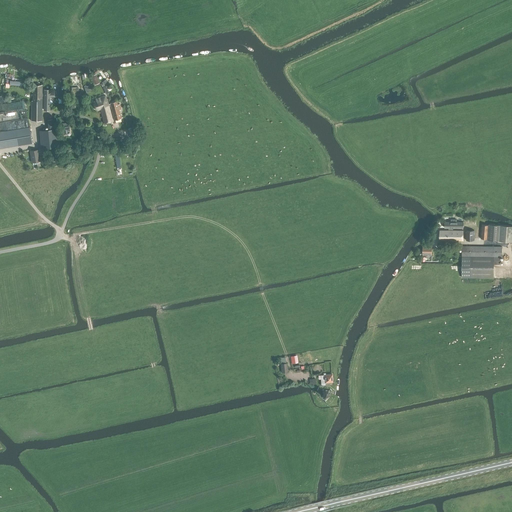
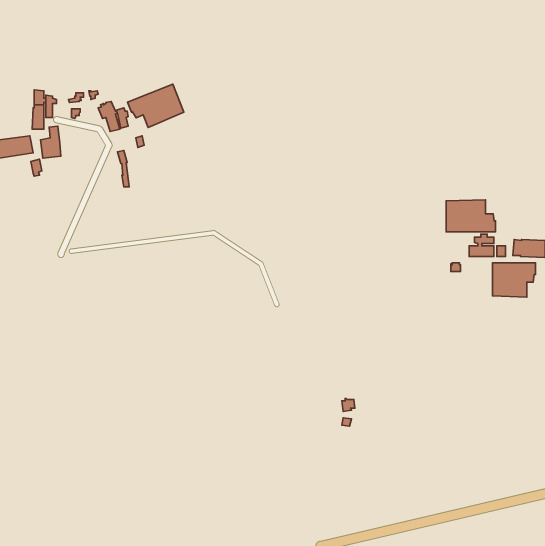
building: none -> [128,84,184,128]
building: none -> [446,200,496,232]

